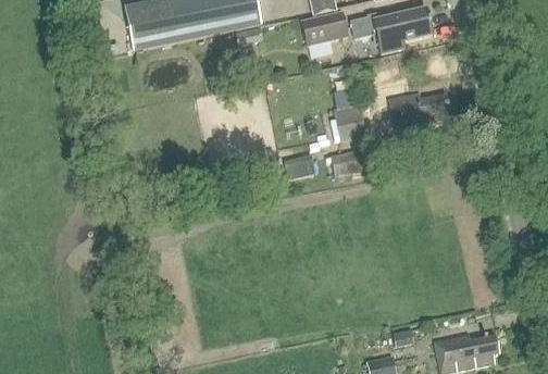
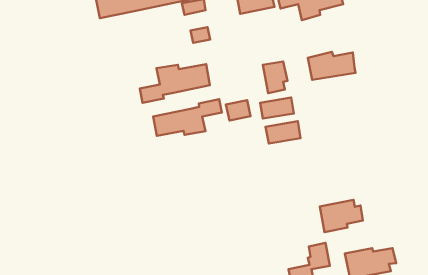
building: none -> [140,64,210,103]
building: none -> [153,99,222,136]
building: none -> [266,121,300,143]
building: none -> [320,200,363,232]

